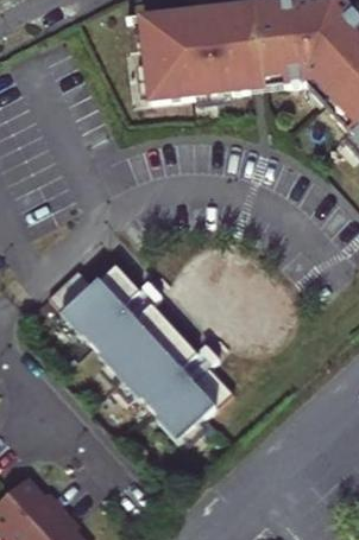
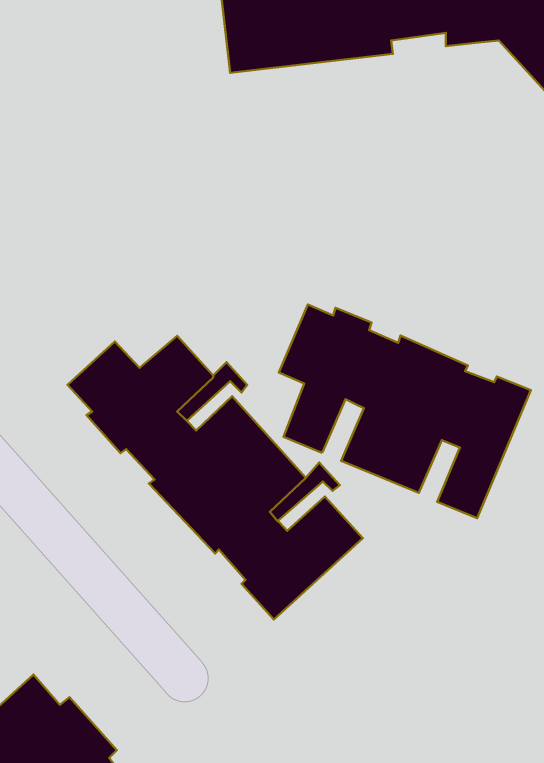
building: none -> [279,304,531,518]

